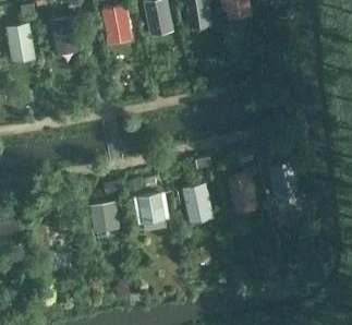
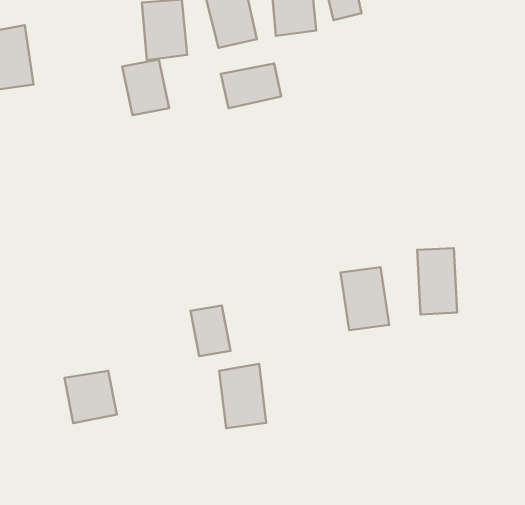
building: [45,19,74,53] -> [122,59,169,115]
building: none -> [221,64,281,108]
building: [184,182,214,222] -> [219,364,266,428]
building: [89,200,122,232] -> [65,371,117,423]

